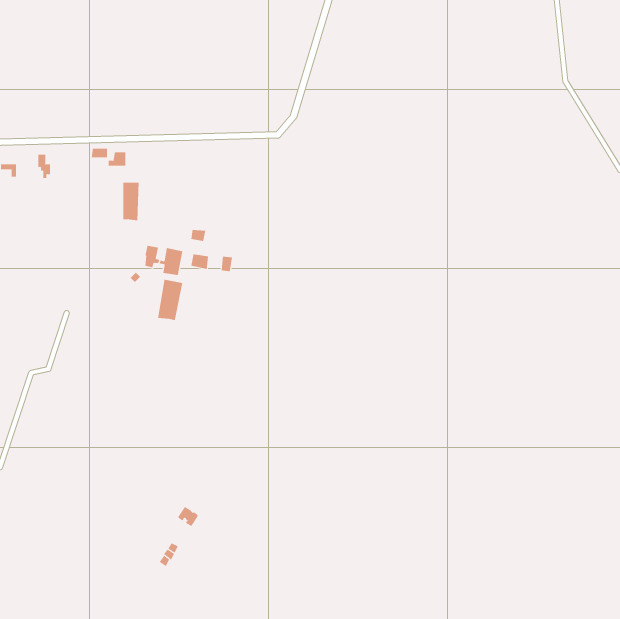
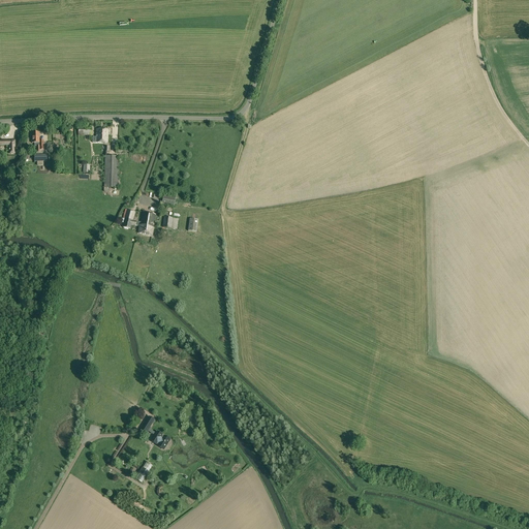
building: [158,279,183,321] -> none

